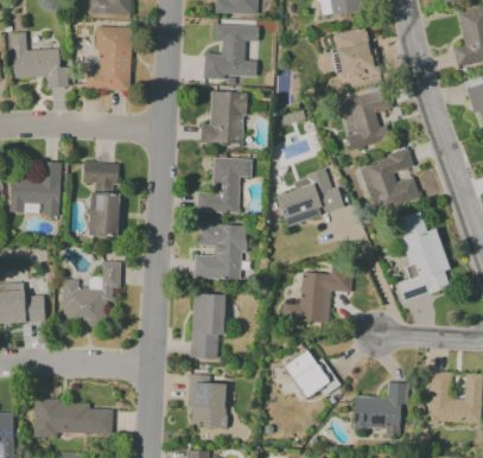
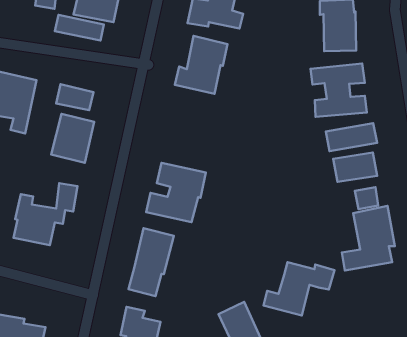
building: none -> [55,15,104,41]
building: [197,157,253,214] -> none
building: [277,167,343,225] -> none
building: [286,269,351,323] -> [264,262,334,315]

